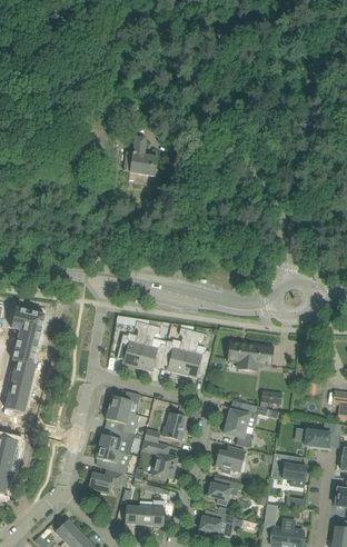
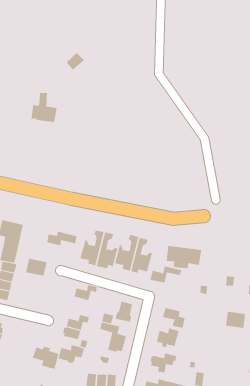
building: [122,136,157,175] -> [31,92,57,123]
building: none -> [46,231,77,246]
building: none -> [26,258,47,277]
building: [226,402,268,425] -> [150,266,182,283]
building: [105,406,139,434] -> none
building: [270,452,307,486] -> none
building: none -> [32,346,59,369]

